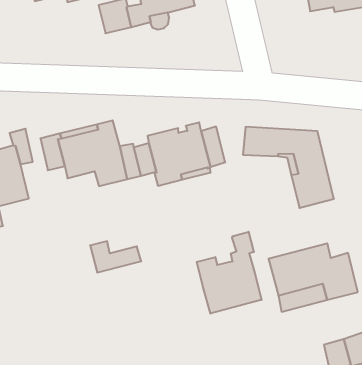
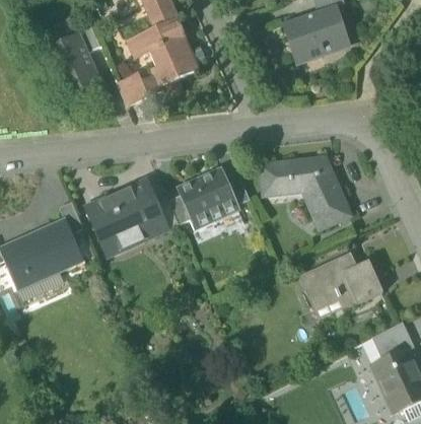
building: [197,232,262,314] -> none
building: [90,241,141,272] -> [96,226,143,255]

